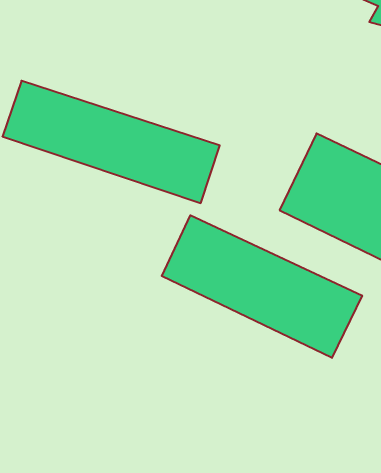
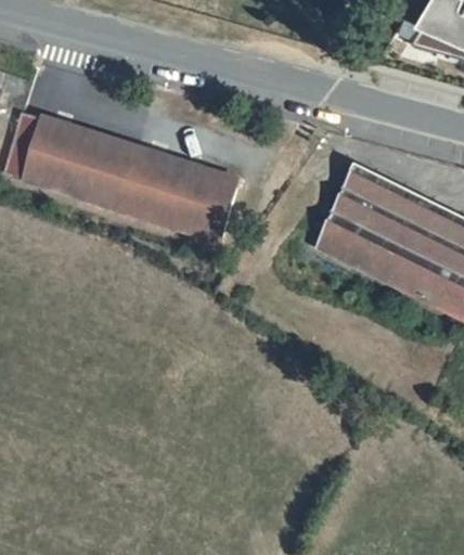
building: [162,215,362,358] -> none

